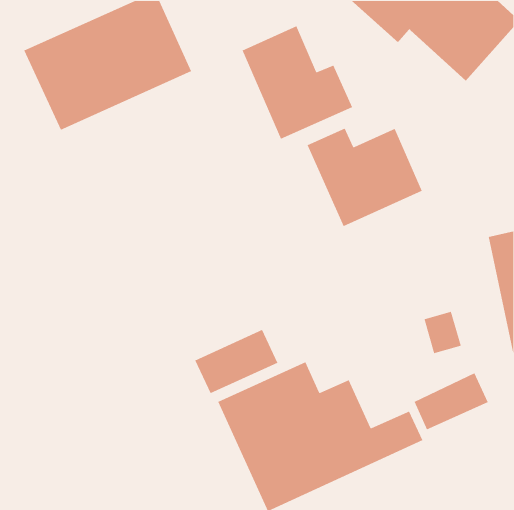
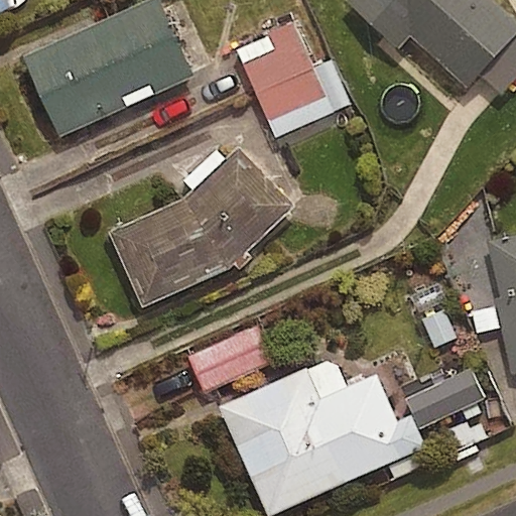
building: [306,128,423,227] -> none
building: none -> [108,145,294,306]

